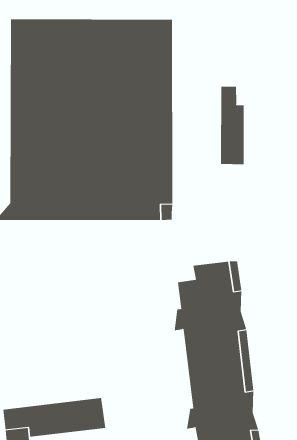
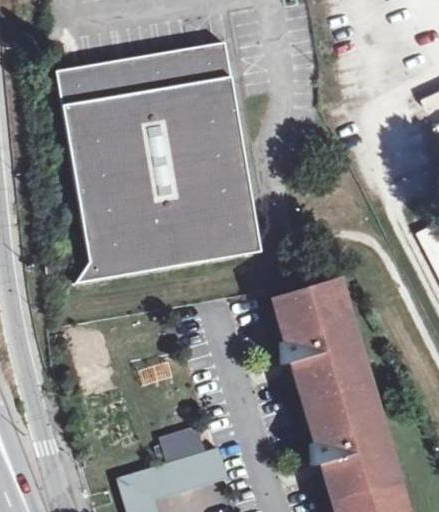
building: [220,86,244,165] -> none
building: none -> [158,426,203,461]

